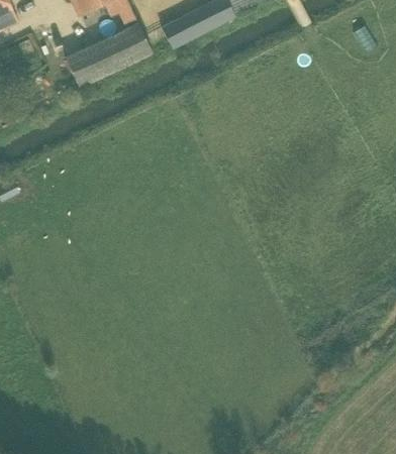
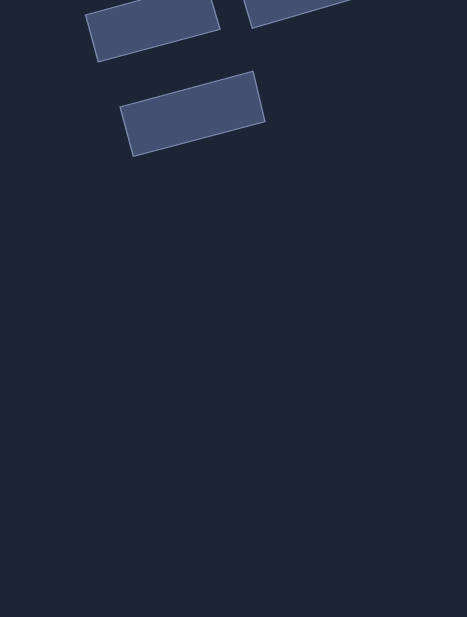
building: none -> [120,71,265,156]

